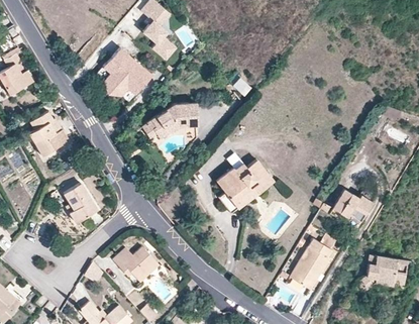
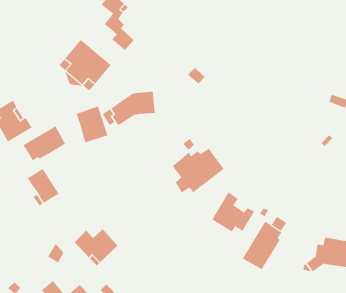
building: none -> [76,106,108,143]
building: none -> [23,125,66,161]
building: [333,189,373,221] -> none
building: none -> [211,192,255,232]

